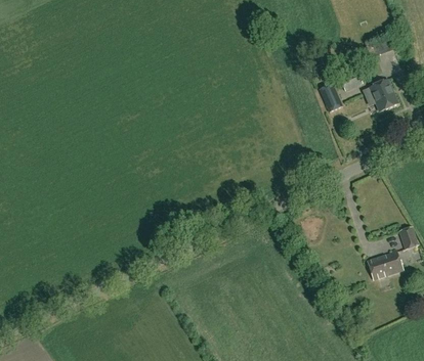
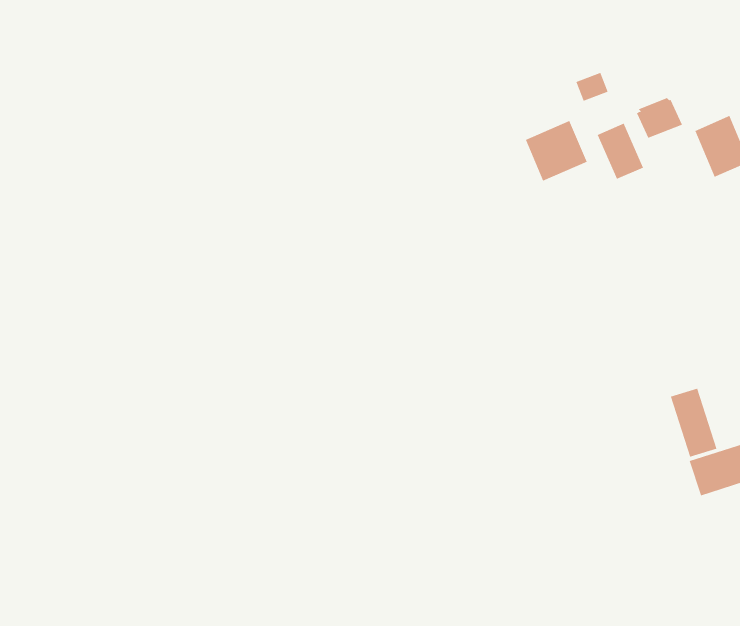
building: none -> [525,120,587,181]
building: none -> [670,388,717,457]

